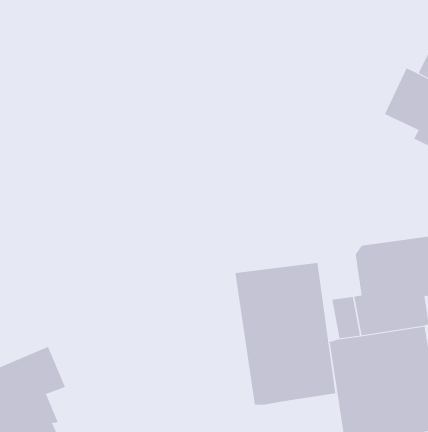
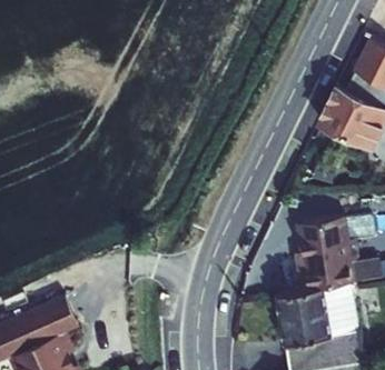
building: [235,262,336,406] -> none

